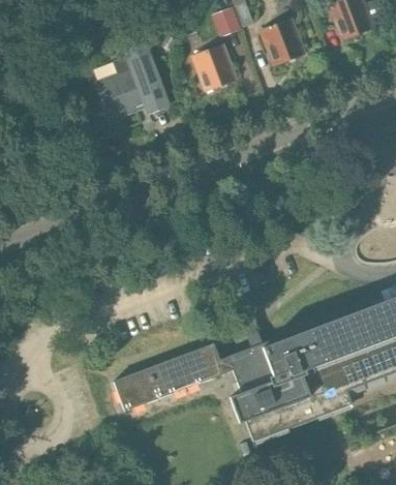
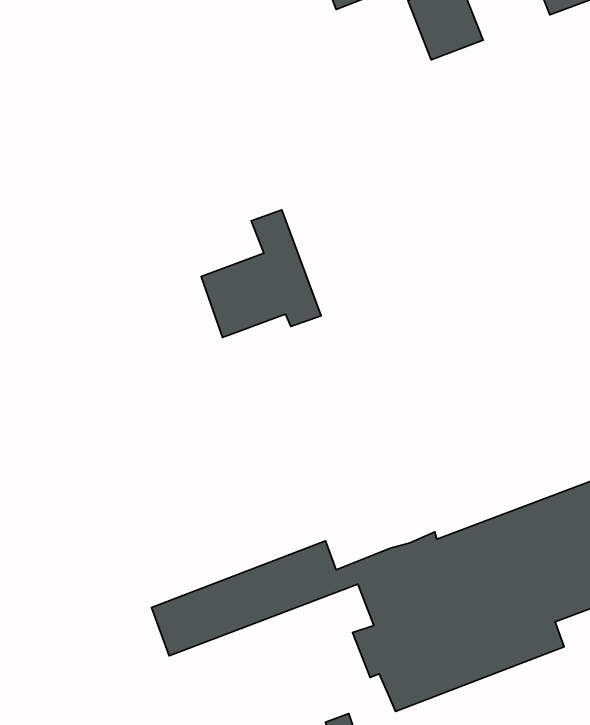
building: [98,44,167,118] -> [201,210,321,337]
building: [193,46,237,91] -> none

